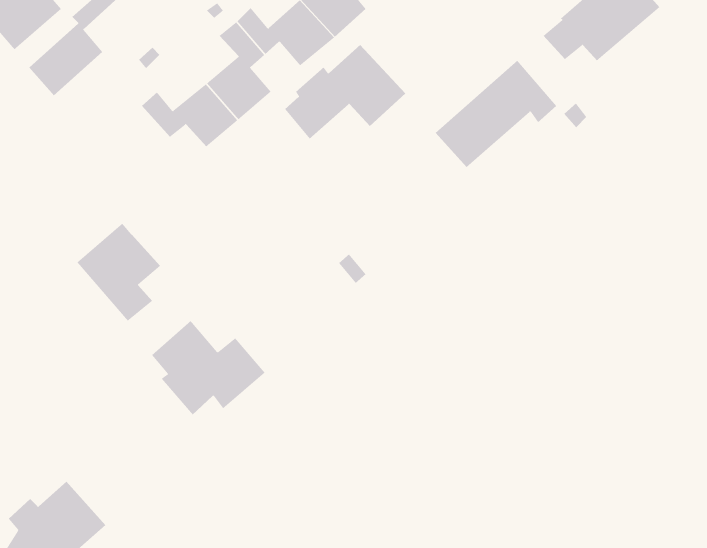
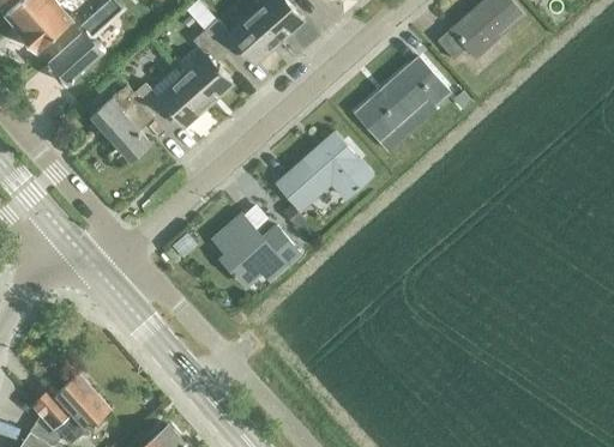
building: [284,44,406,139] -> [279,138,372,210]
building: [77,223,161,321] -> [91,85,155,159]
building: [151,320,266,415] -> [212,215,299,286]

